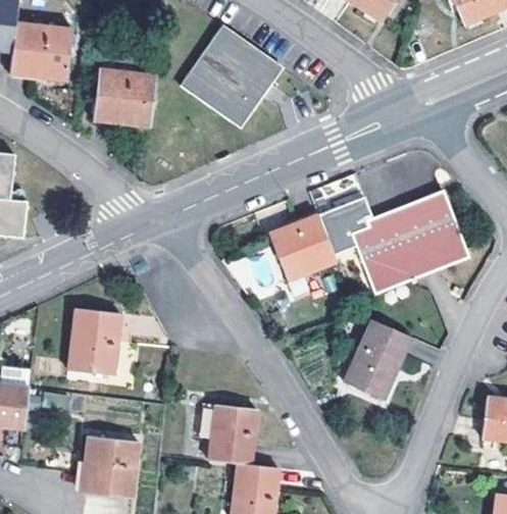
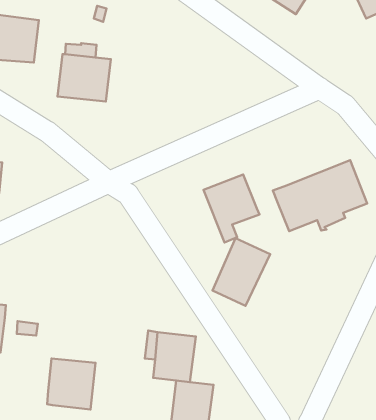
building: [182,27,282,127] -> none
building: [316,196,370,255] -> none
building: [68,308,121,374] -> none
building: [344,318,413,400] -> [213,238,270,306]

